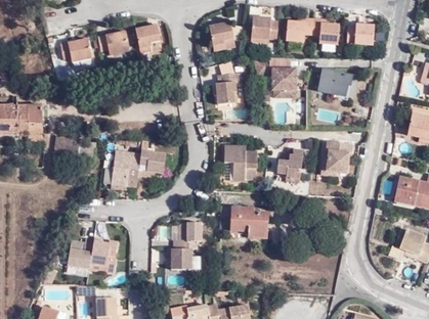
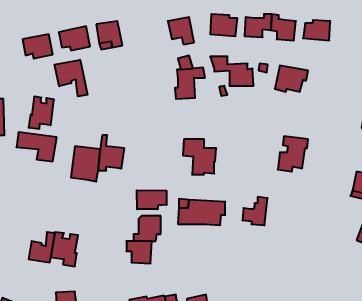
building: none -> [55,60,88,96]
building: none -> [29,96,54,129]
building: [277,148,303,177] -> [242,197,268,225]
building: none -> [137,190,167,209]

